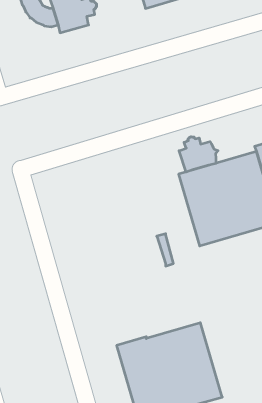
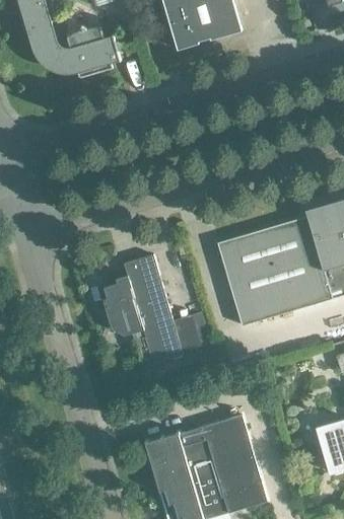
building: [179,137,218,172] -> none
building: none -> [102,254,182,366]

